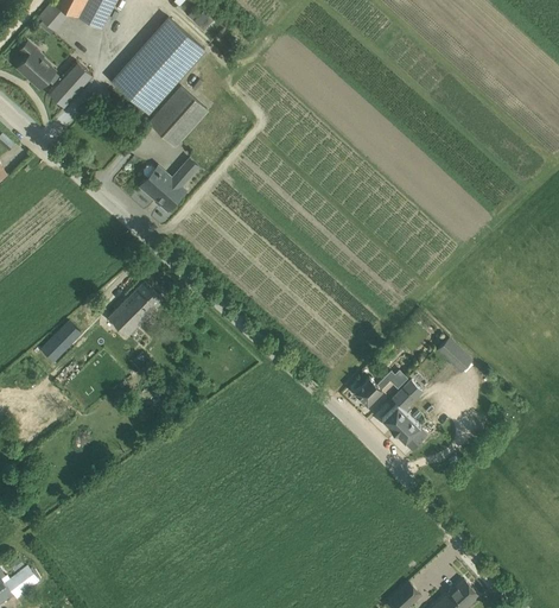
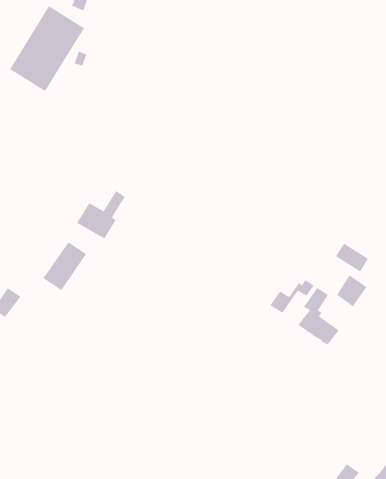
building: [148,87,207,146] -> none
building: [139,158,198,210] -> [76,190,126,239]
building: none -> [336,275,367,307]

